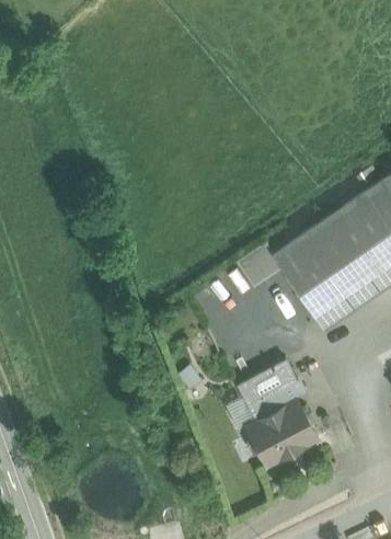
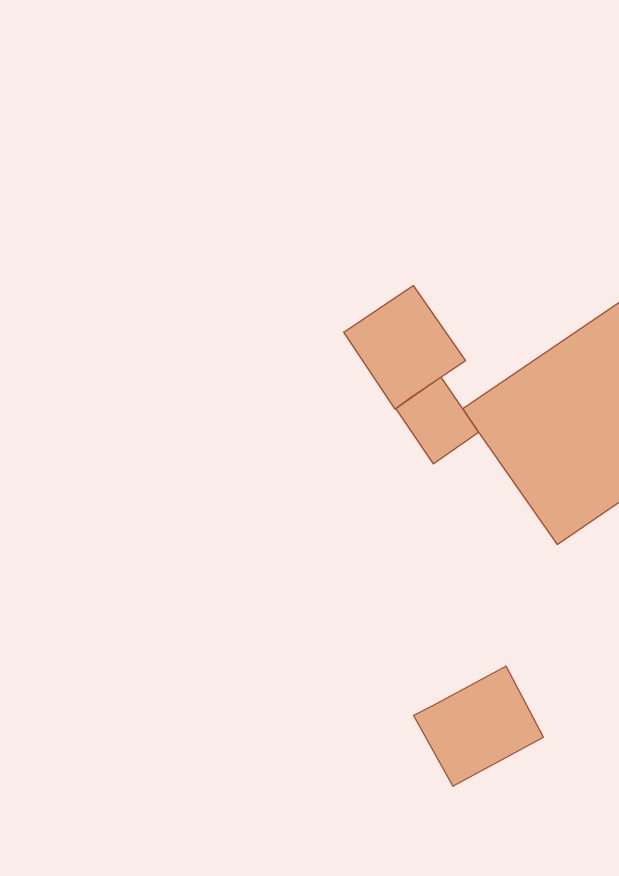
building: none -> [344,286,465,409]
building: [237,359,297,421] -> none

